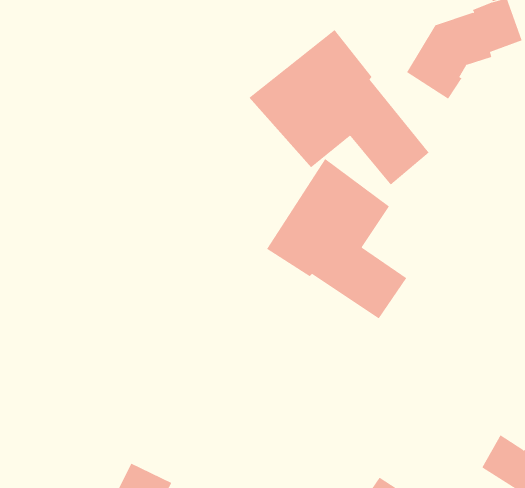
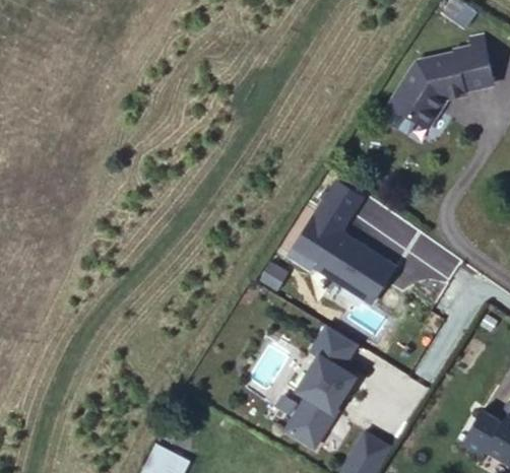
building: [248,29,430,185] -> none
building: none -> [285,332,360,453]

